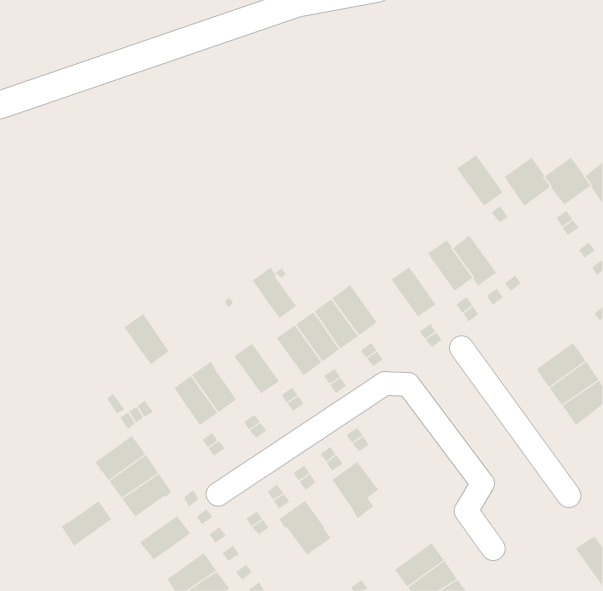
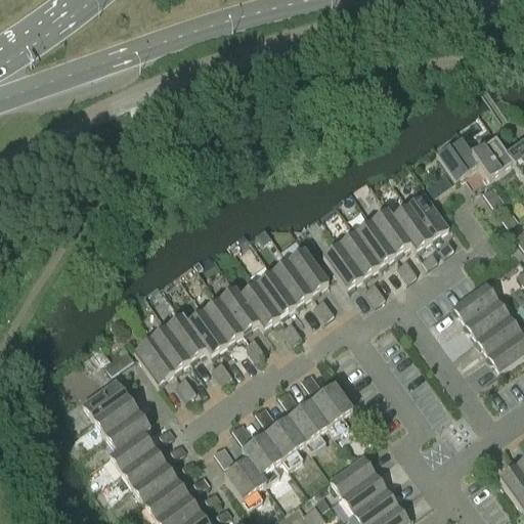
building: [456,154,504,206] -> [407,191,448,236]
building: none -> [355,220,394,264]
building: [252,267,297,319] -> [219,286,258,331]
building: none -> [322,243,362,288]
building: [124,313,170,365] -> [133,337,173,382]
building: none -> [452,280,497,320]
building: none -> [187,309,226,354]
building: none -> [310,384,352,434]
building: none -> [265,417,305,467]
building: [61,500,112,546] -> [110,431,154,471]
building: none -> [330,454,375,494]
building: none -> [224,457,266,508]
building: none -> [133,463,177,503]

